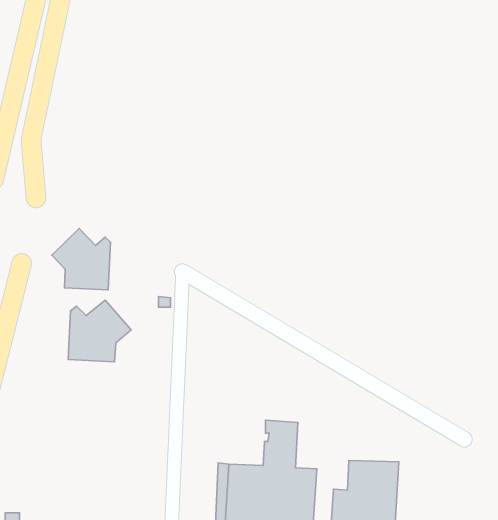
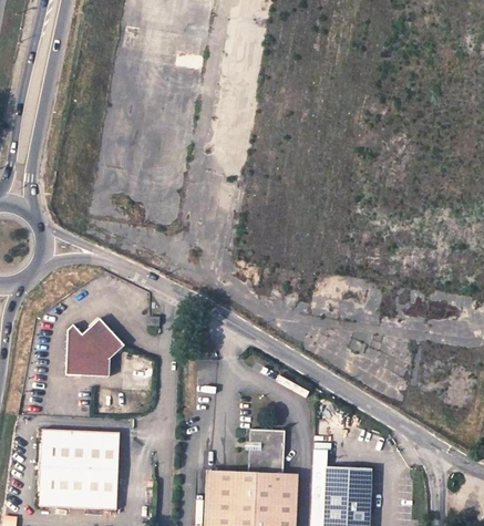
building: [52,229,110,290] -> none
building: none -> [37,429,121,509]

